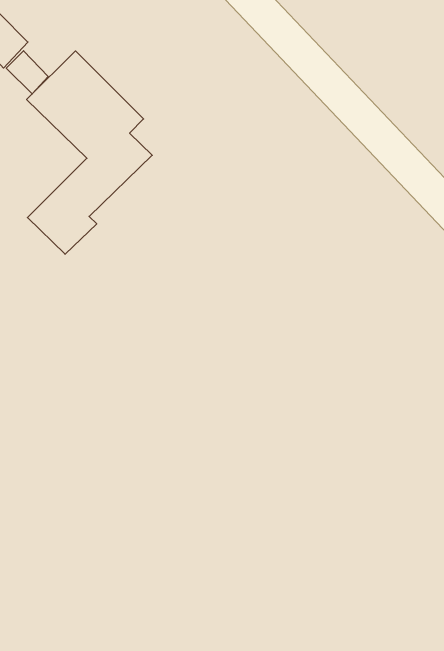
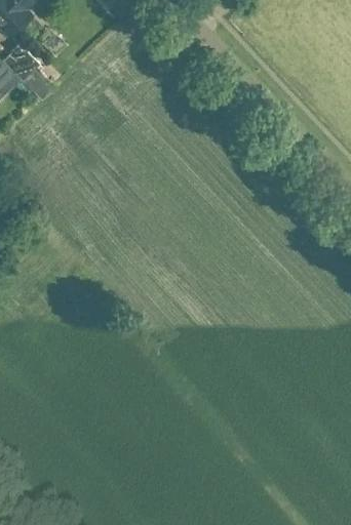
building: [27,51,152,254] -> none

